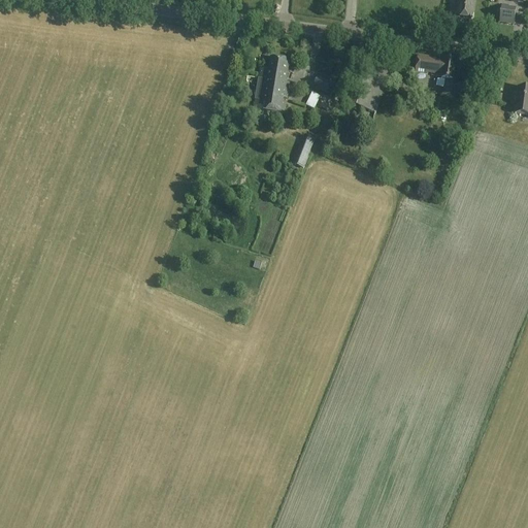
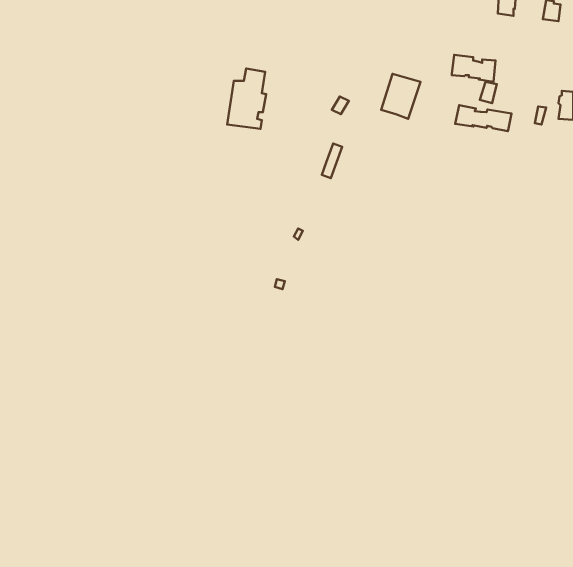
building: [254,55,290,110] -> [227,68,266,129]
building: none -> [455,105,511,131]

